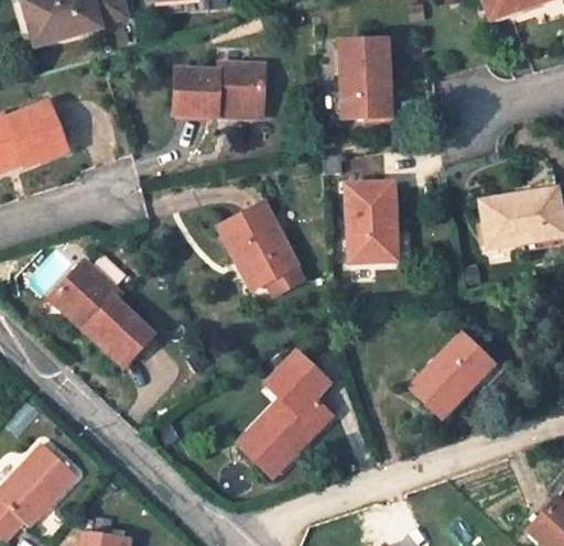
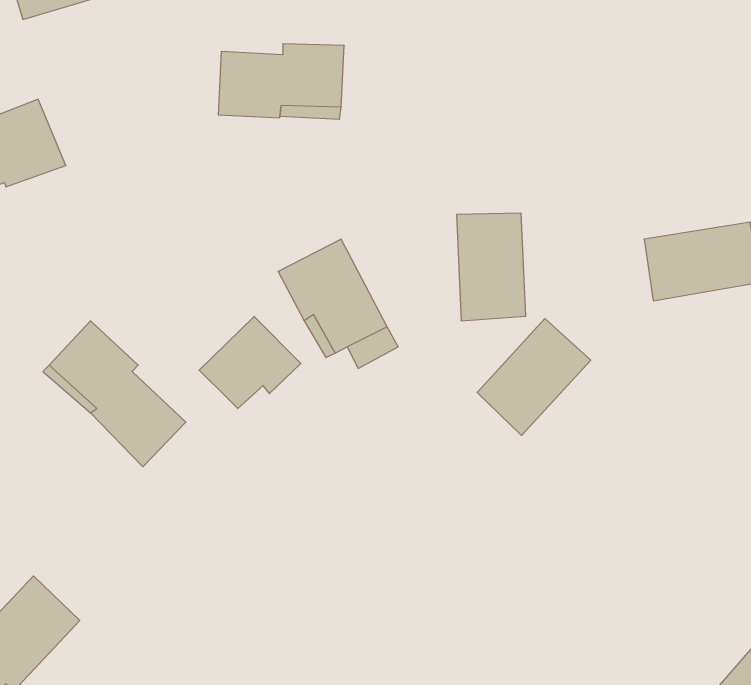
building: [338,41,389,119] -> none
building: none -> [199,316,301,409]
building: [411,334,492,417] -> [477,319,591,435]
building: [240,352,329,476] -> none

